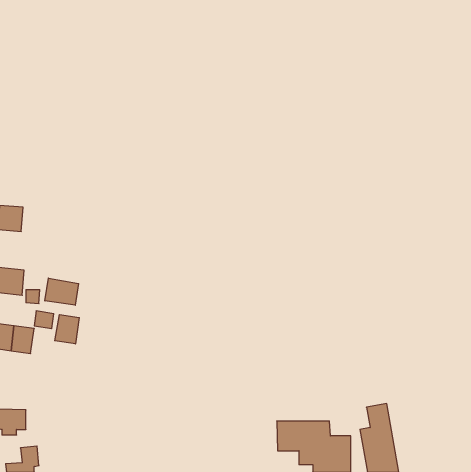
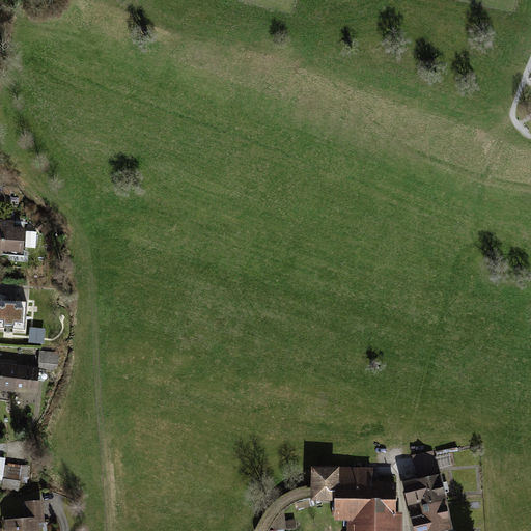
building: [45,278,79,305] -> none
building: [55,315,79,344] -> none

